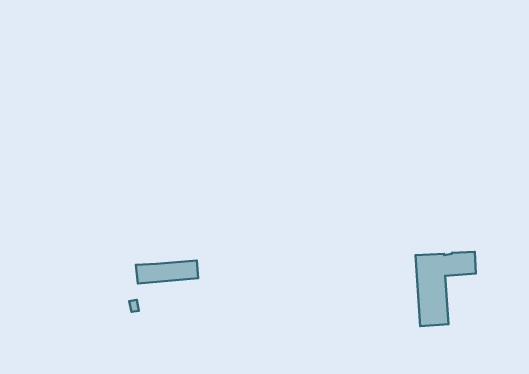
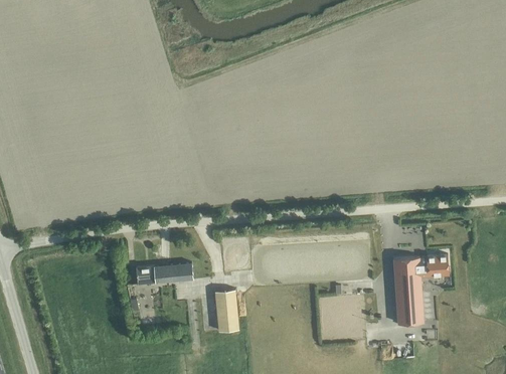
building: none -> [215,290,239,332]

